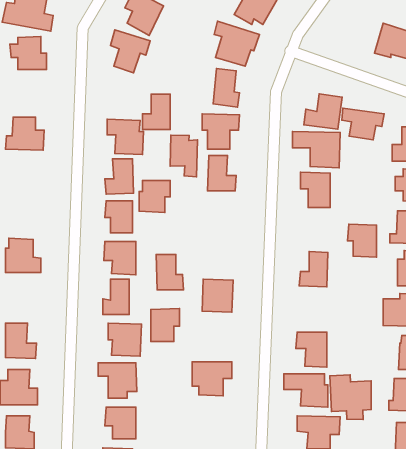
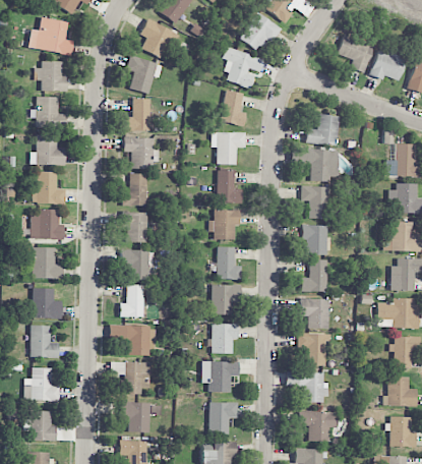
building: none -> [337,33,375,72]
building: none -> [32,96,67,127]
building: [142,94,170,129] -> [125,98,150,130]
building: [342,108,384,140] -> none
building: [170,135,198,177] -> none
building: none -> [33,171,65,202]
building: [139,180,170,212] -> [212,210,240,239]
building: none -> [31,210,64,239]
building: [348,224,376,257] -> [302,224,328,254]
building: [156,255,184,290] -> [217,246,242,279]
building: none -> [33,287,62,317]
building: none -> [301,297,330,328]
building: [151,308,179,342] -> [212,323,238,353]
building: [330,375,371,420] -> none
building: none -> [209,401,238,433]

